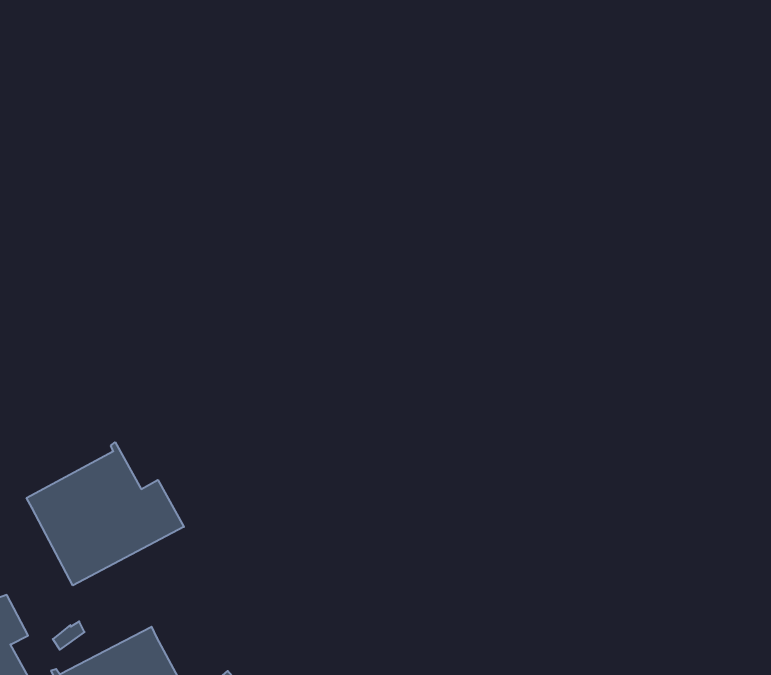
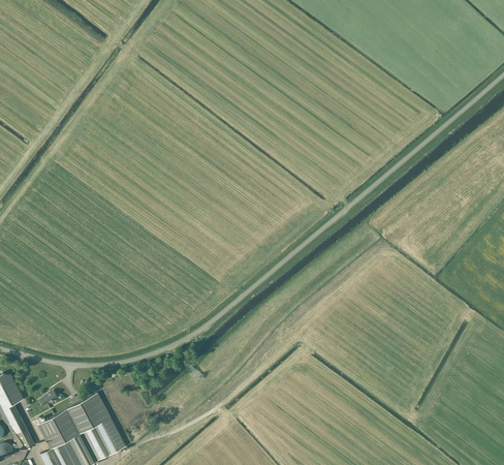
building: [27,442,184,585] -> none

